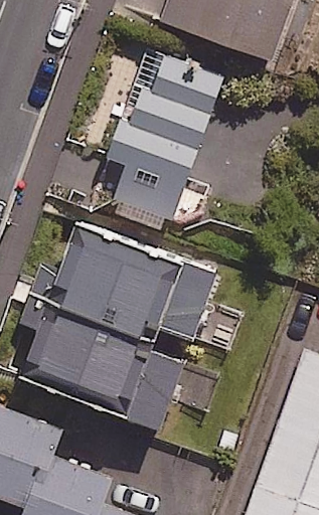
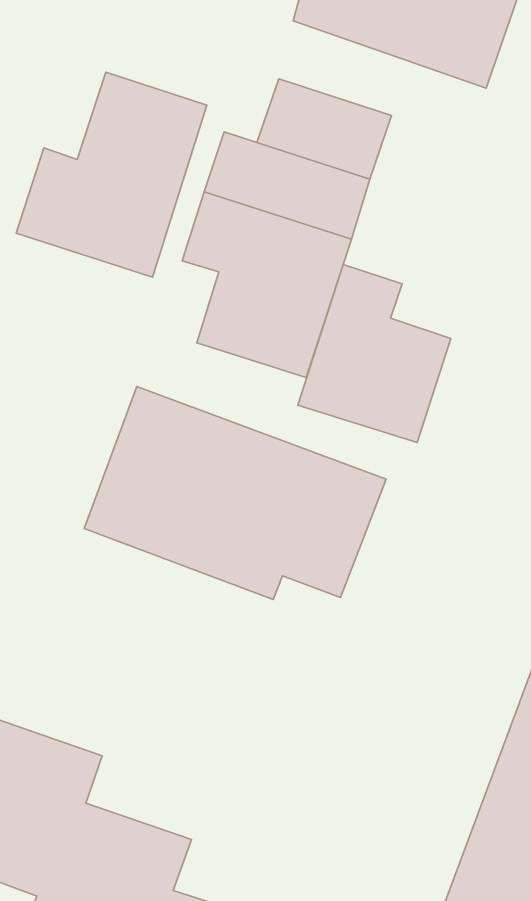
building: none -> [16,72,207,277]
building: none -> [298,264,451,443]
building: [20,303,184,425] -> none

